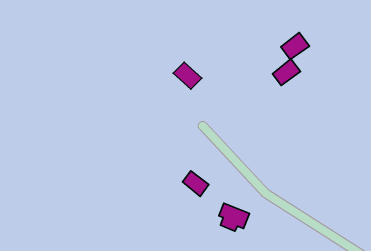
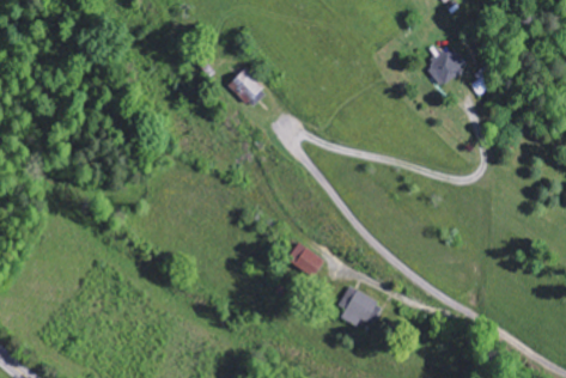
building: [272,59,300,85] -> none
building: [173,62,202,89] -> [226,69,267,108]

